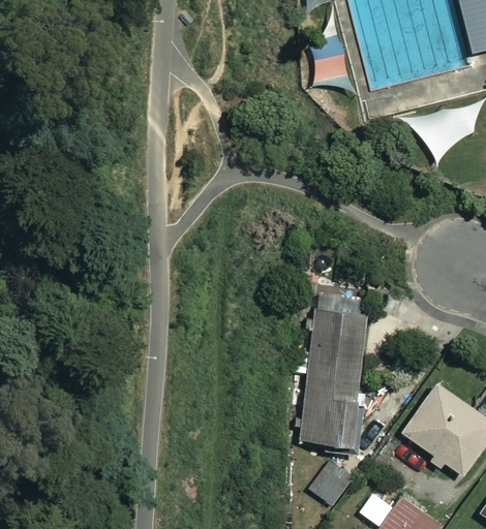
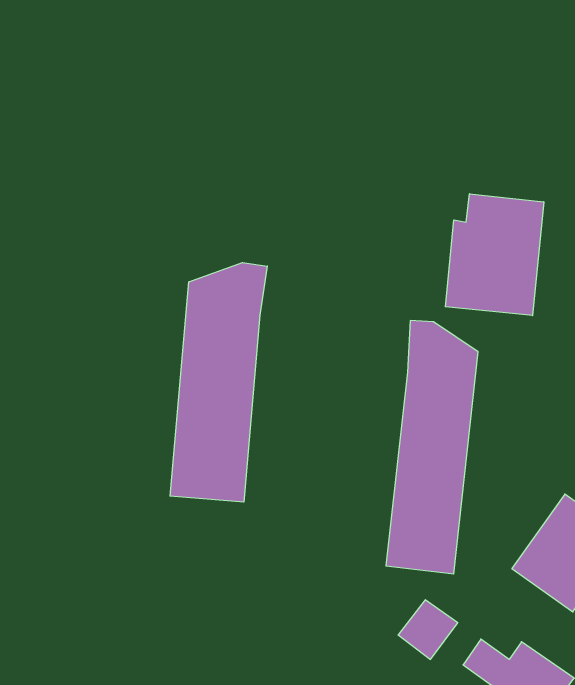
building: none -> [445,194,544,316]
building: none -> [170,263,267,502]

